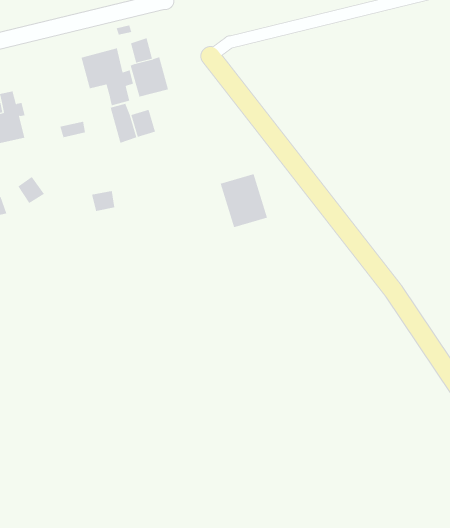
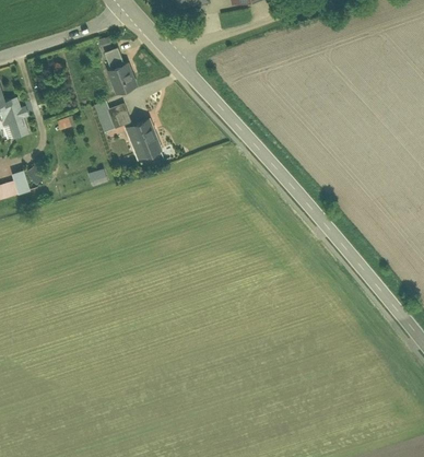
building: [81,47,133,106] -> none
building: [220,173,268,228] -> [123,117,163,161]

